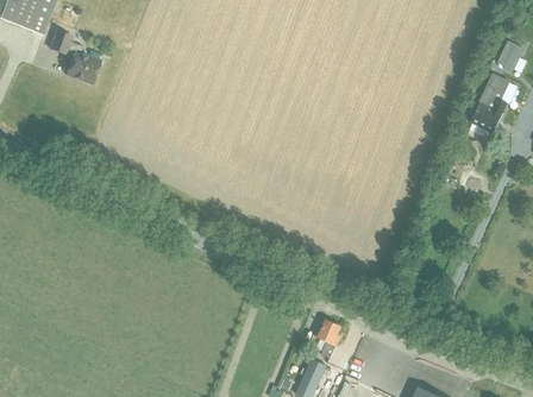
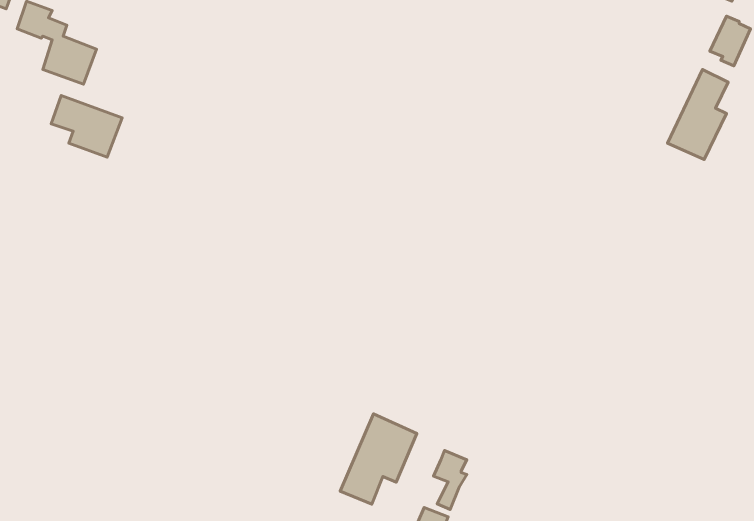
building: none -> [51,96,122,157]
building: none -> [340,414,417,504]

